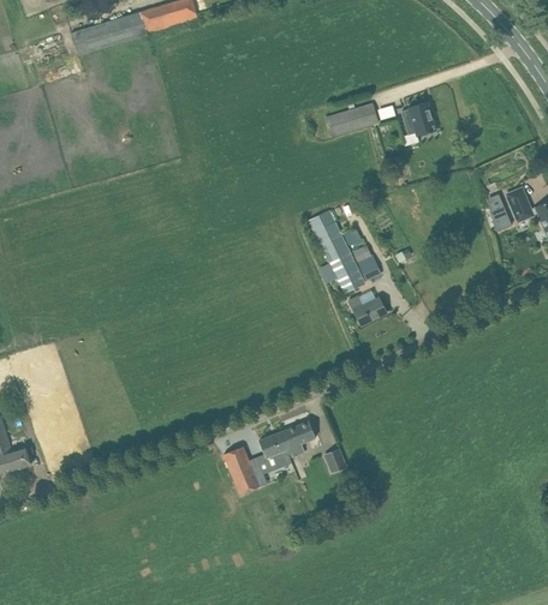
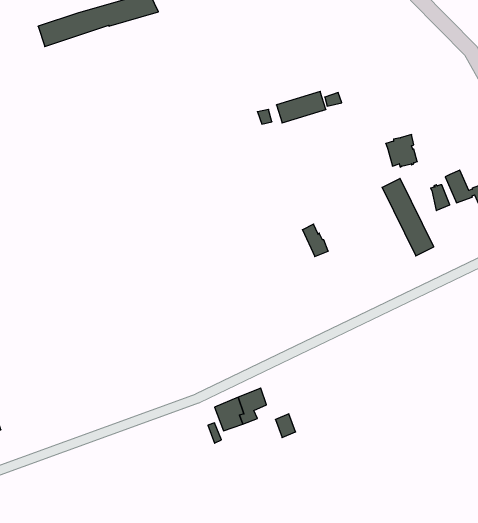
building: [400,101,434,136] -> [386,135,417,167]
building: [309,209,364,292] -> [382,178,434,256]
building: [349,295,387,324] -> none
building: [224,445,260,493] -> none

